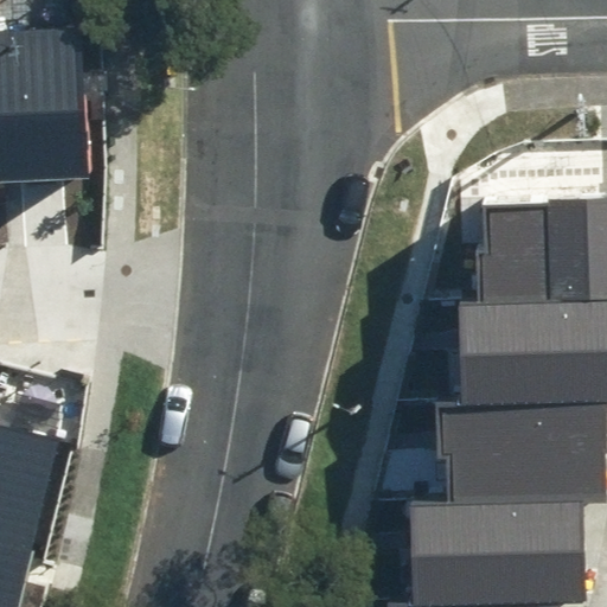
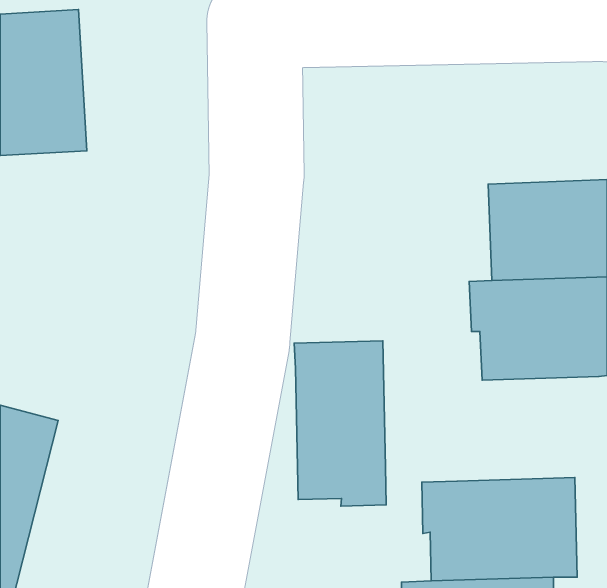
building: none -> [294,341,386,506]
building: [447,395,601,499] -> none

